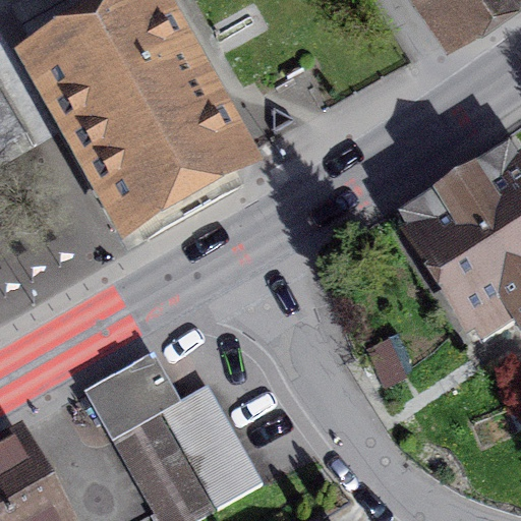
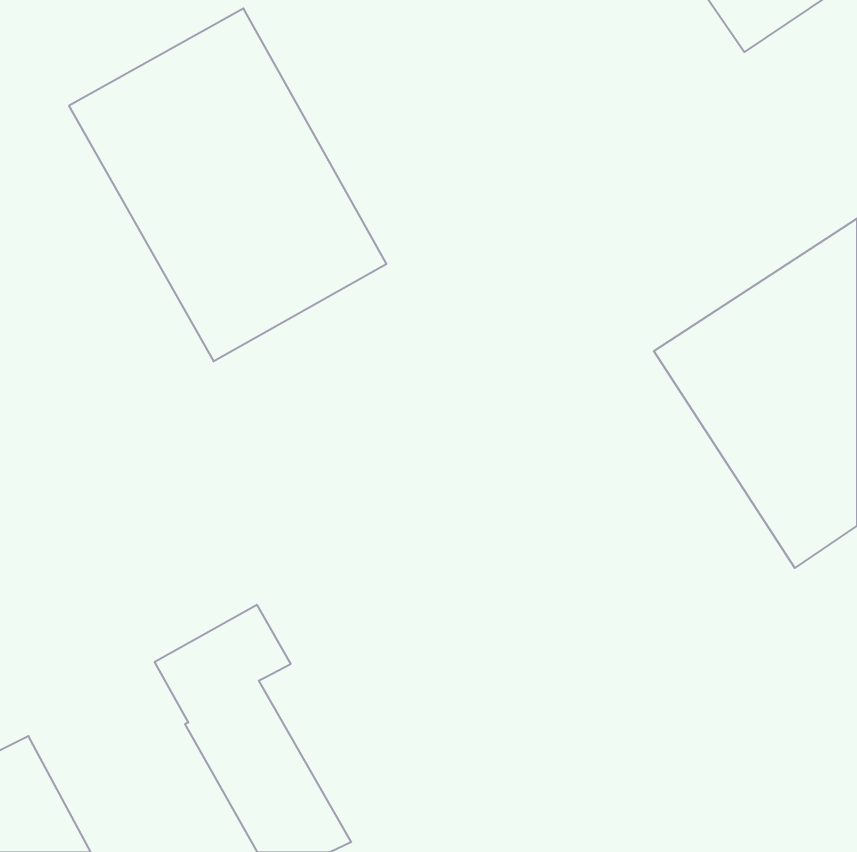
building: [161,385,262,508] -> none

